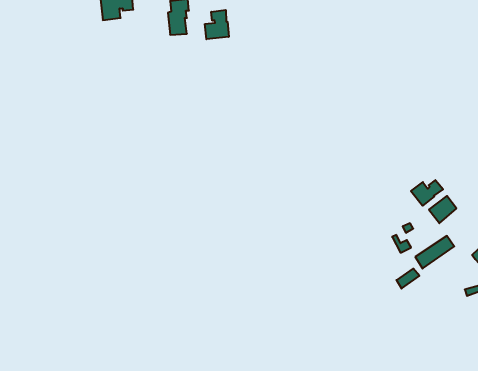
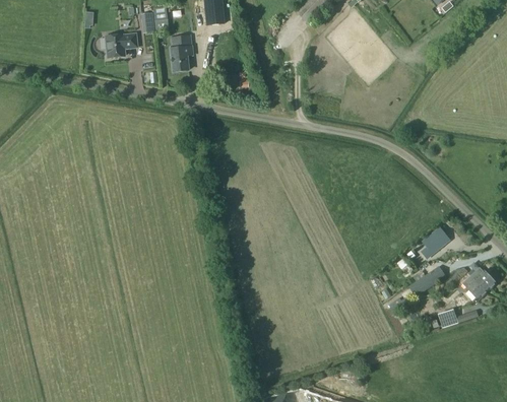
building: [205,10,229,39] -> none
building: [411,180,443,206] -> none

